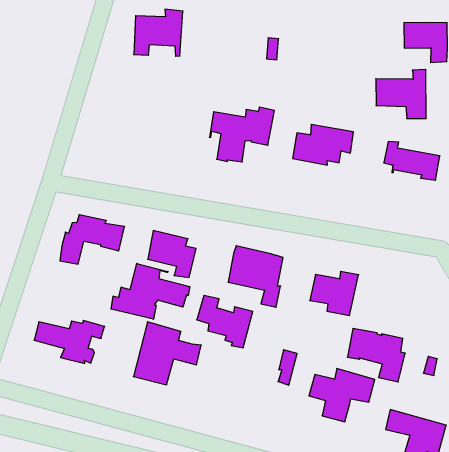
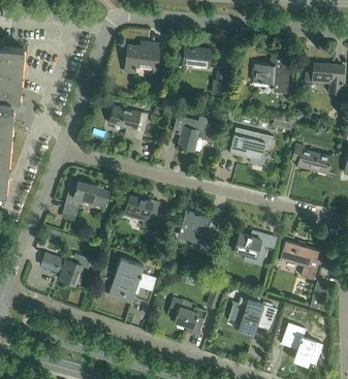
building: none -> [183,46,211,67]
building: [376,69,426,119] -> [253,59,289,93]
building: none -> [108,106,147,139]
building: [111,263,190,319] -> none
building: [197,295,253,348] -> [167,297,207,336]
building: [347,328,405,382] -> [280,241,320,280]

